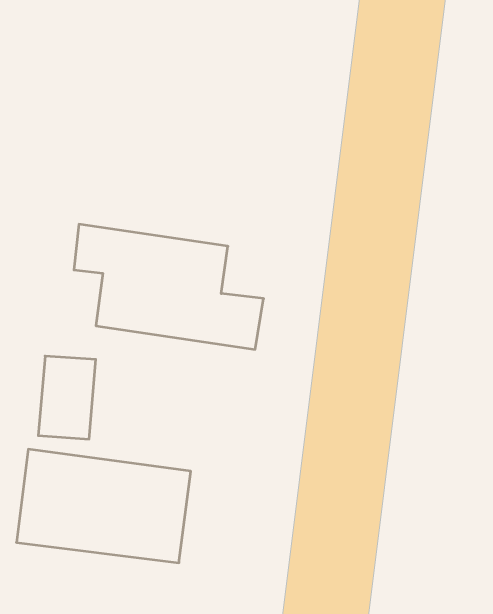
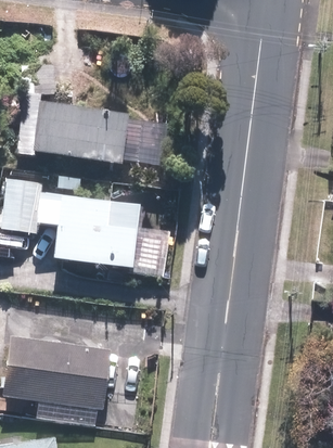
building: none -> [46,98,153,163]
building: [38,356,96,439] -> [13,177,50,230]

